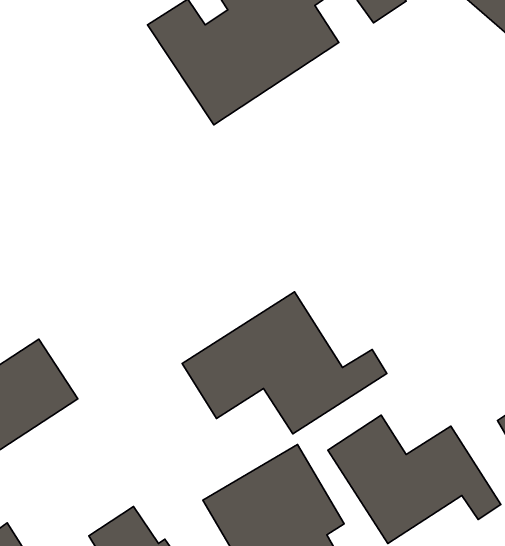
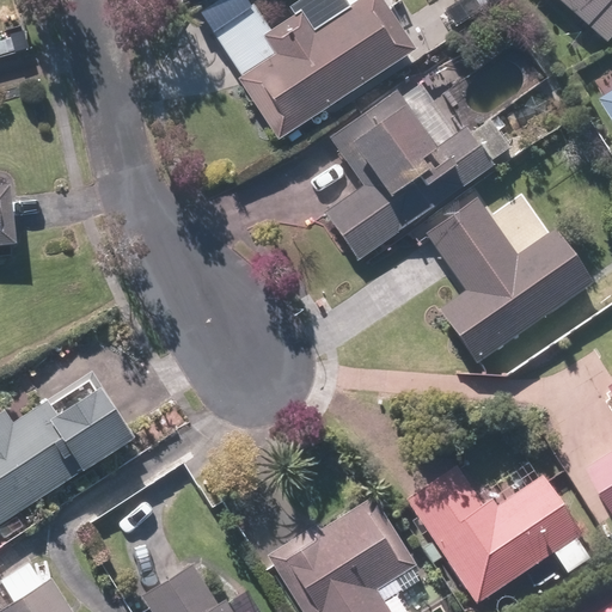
building: none -> [326,78,513,259]
building: none -> [427,197,592,363]
building: [182,292,387,434] -> none

